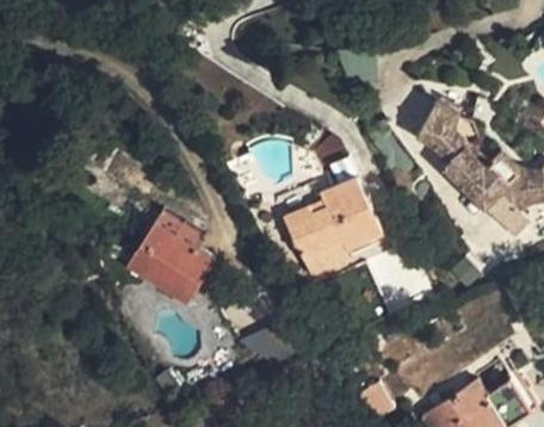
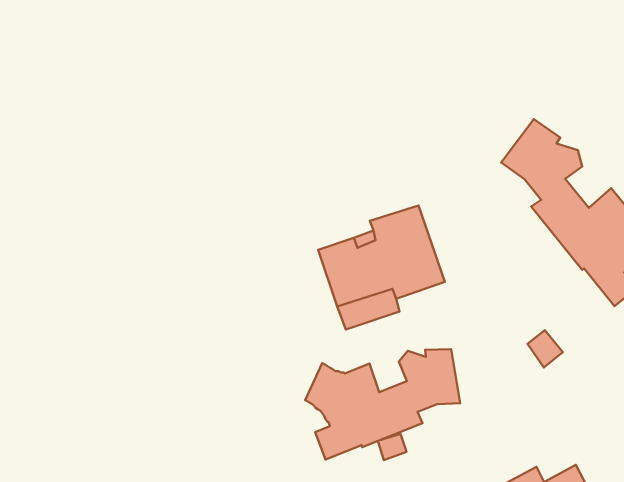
building: [125,223,214,307] -> none
building: none -> [305,349,460,459]

